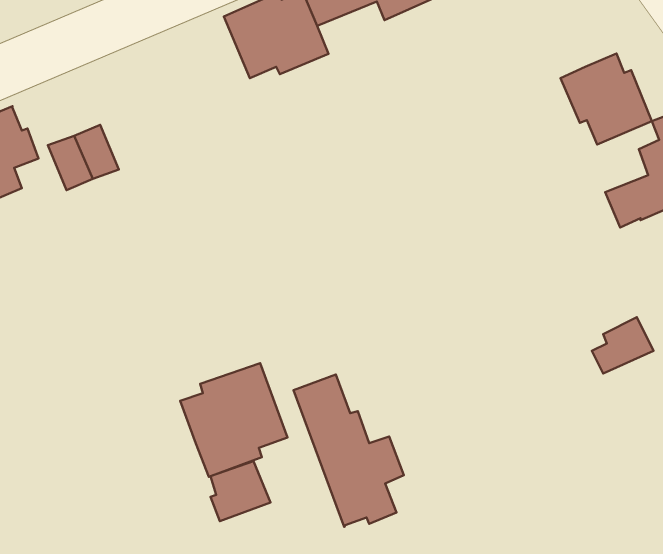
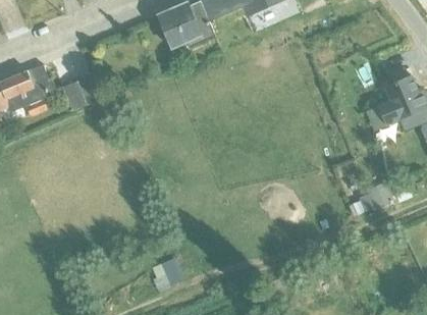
building: [561,53,652,144] -> none
building: [180,363,287,477] -> none
building: [294,375,404,527] -> none

